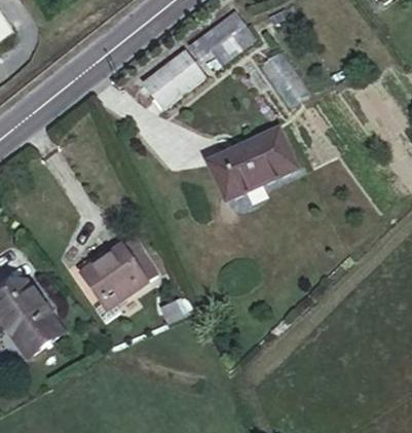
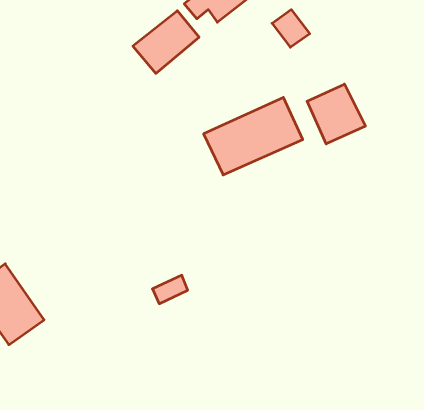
building: none -> [307,84,365,144]
building: [85,240,152,318] -> none

